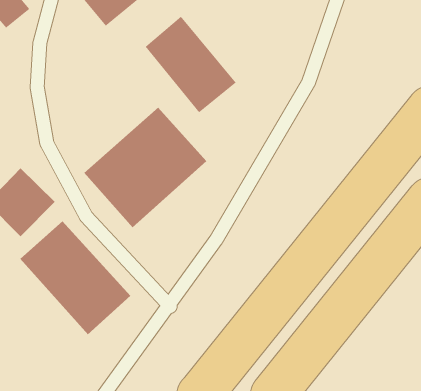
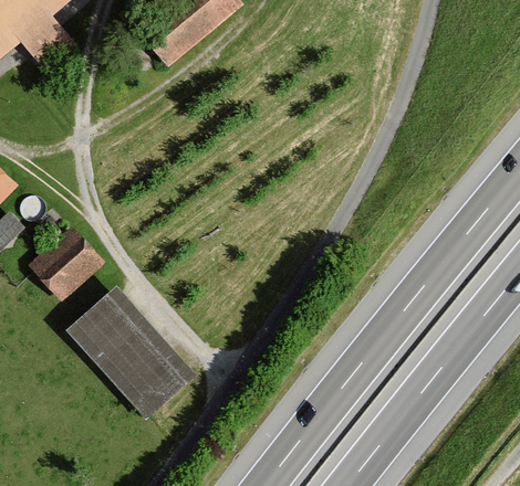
building: [145,16,236,113] -> none
building: [84,107,207,228] -> none

